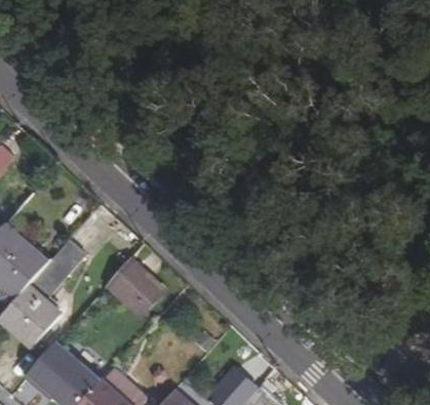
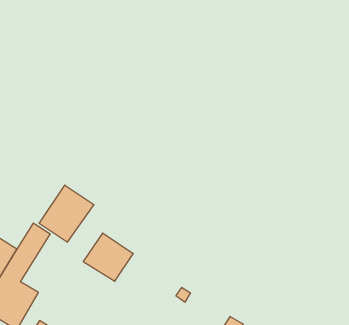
building: none -> [39,185,94,242]

